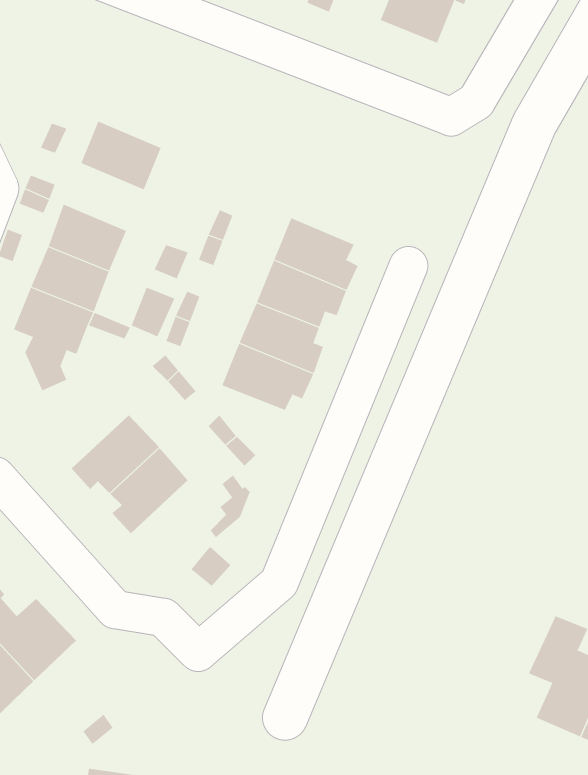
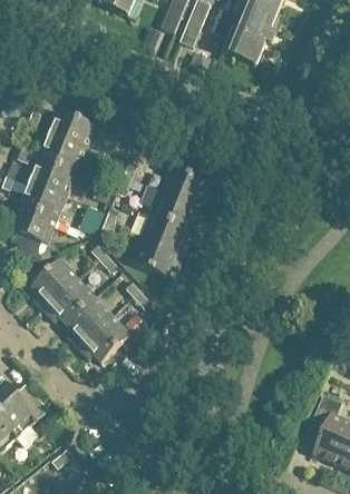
building: none -> [39,134,86,172]
building: none -> [30,258,77,309]
building: none -> [78,316,129,362]

